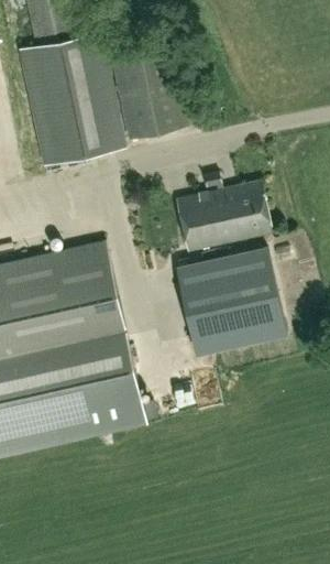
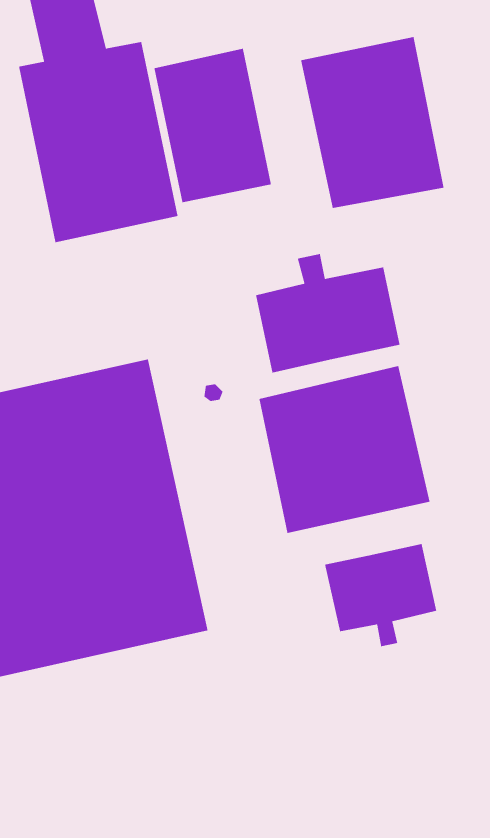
building: none -> [300,36,444,209]
building: none -> [324,543,437,647]

